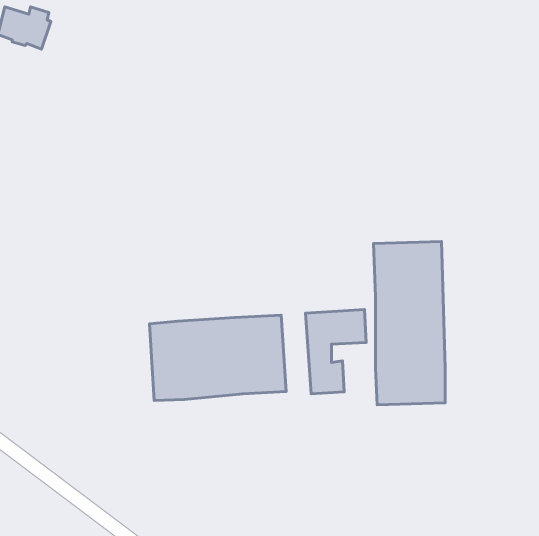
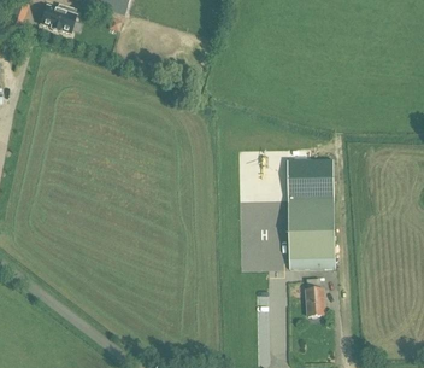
building: [150,315,286,400] -> none
building: none -> [305,278,325,317]

